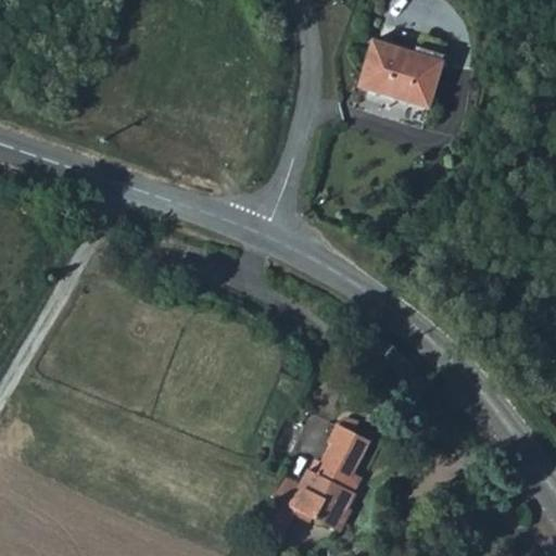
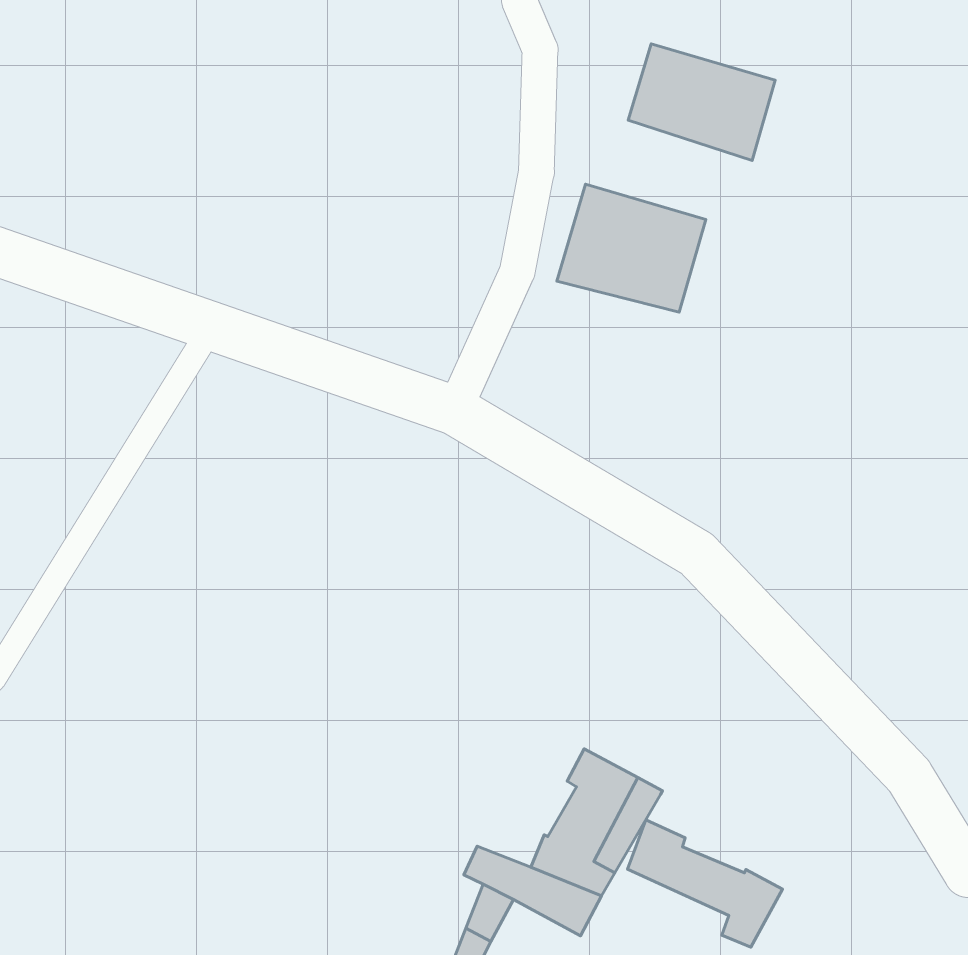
building: none -> [557,184,706,312]
building: none -> [627,820,782,947]

